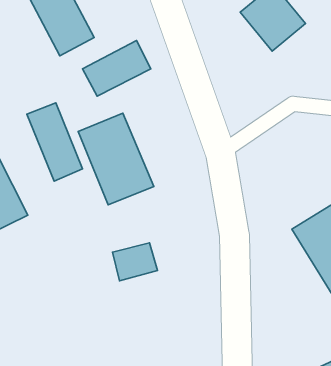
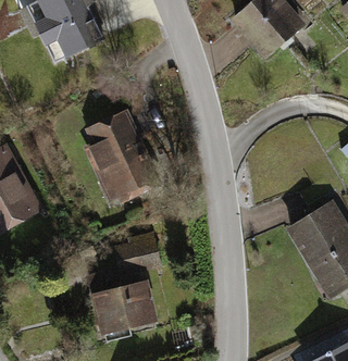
building: [82,41,151,96] -> none
building: [27,103,82,181] -> none
building: none -> [97,286,153,333]

